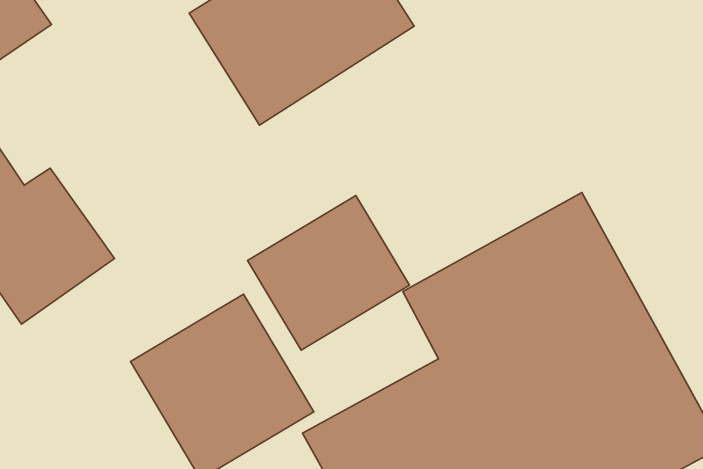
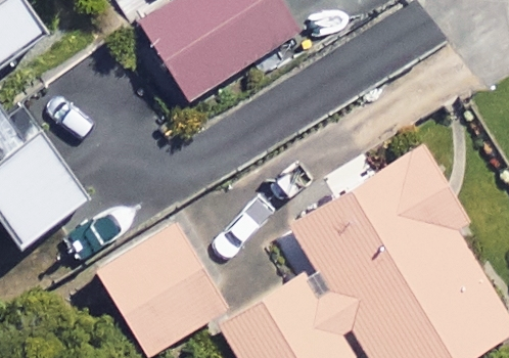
building: [247,196,410,350] -> none

